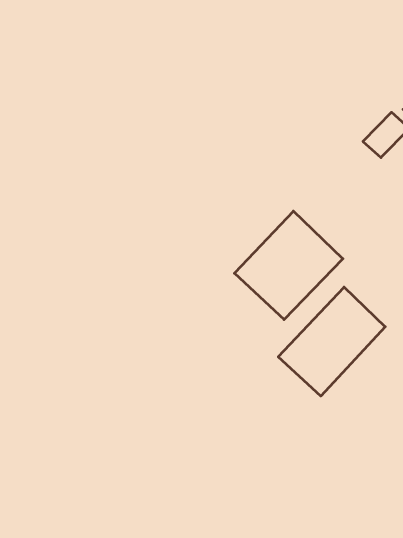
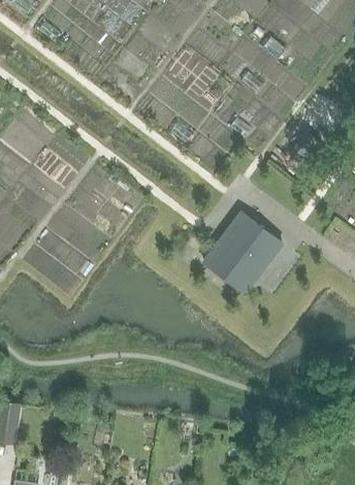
building: [278,287,385,396] -> none

